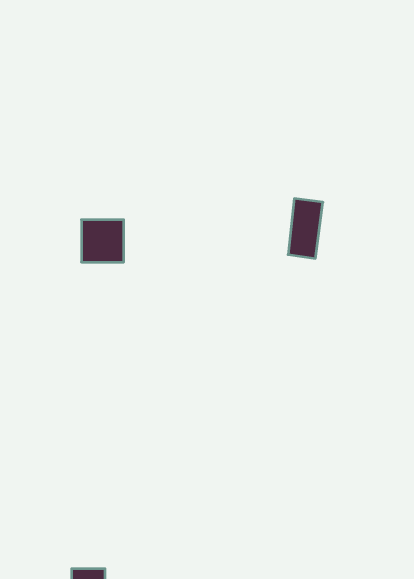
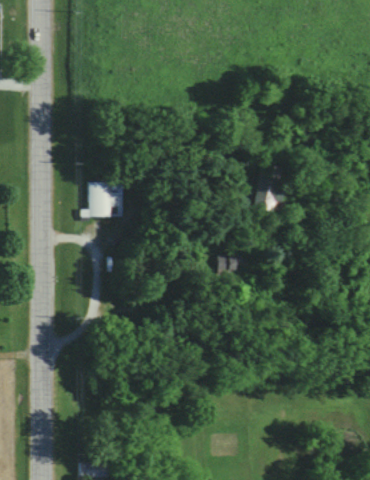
building: none -> [216,254,239,273]

